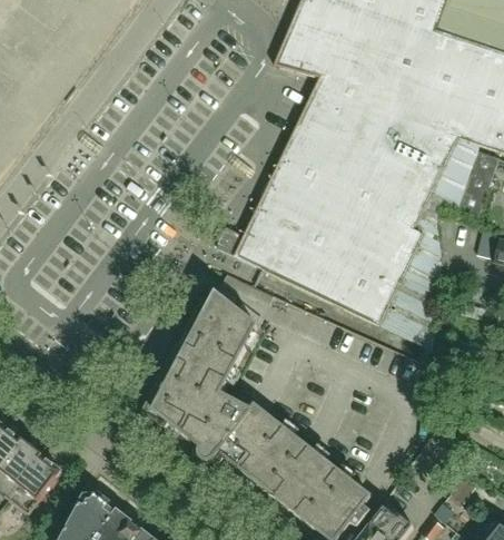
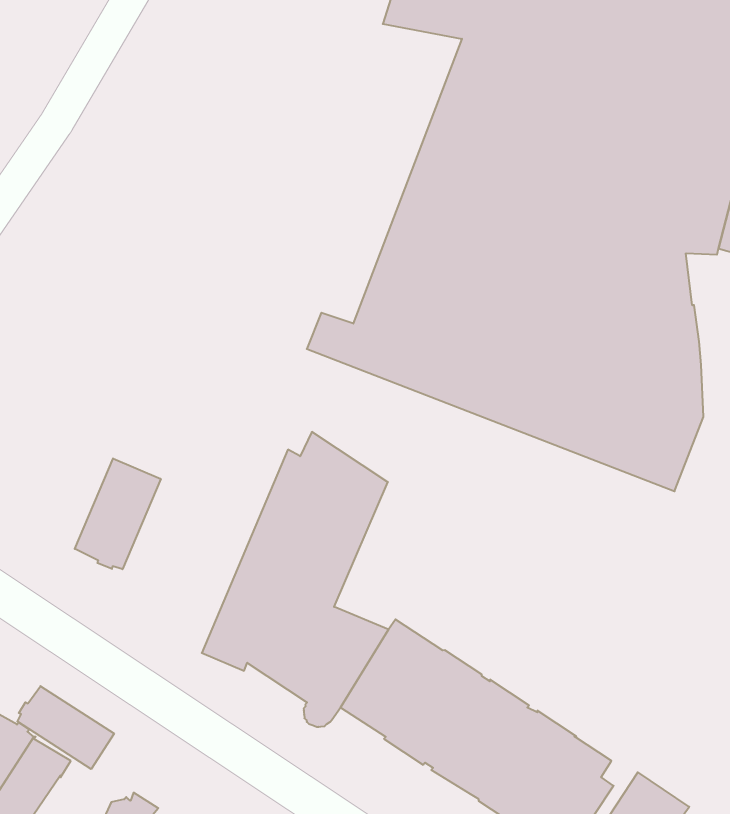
building: none -> [75,458,161,569]
building: none -> [17,686,114,769]

